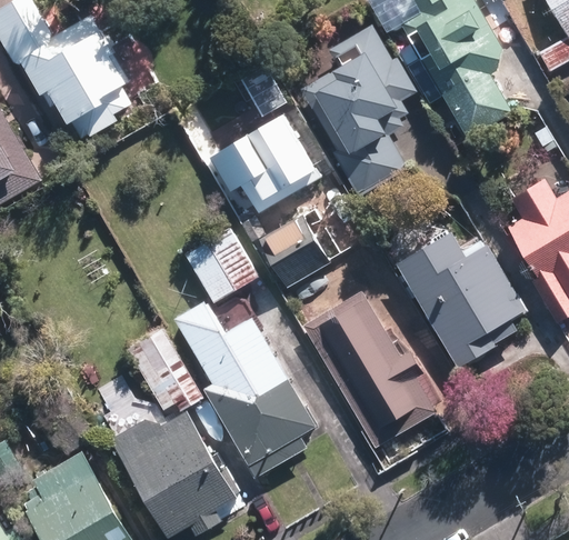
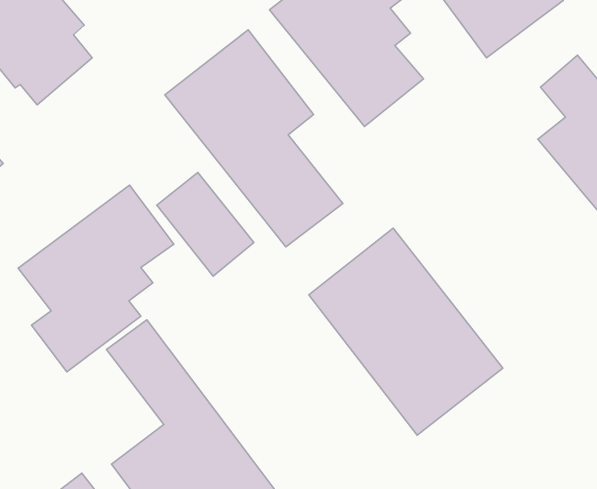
building: none -> [18,185,174,372]
building: [389,224,527,374] -> none
building: [179,302,313,459] -> none

